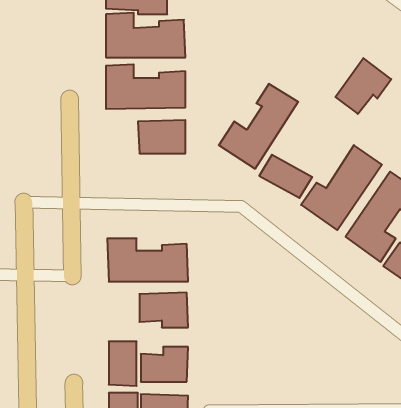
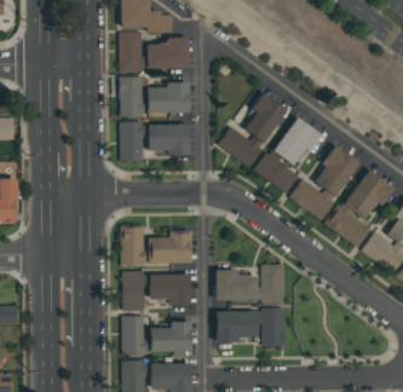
building: [335,58,391,114] -> [272,117,321,166]
building: none -> [120,122,145,162]
building: none -> [215,265,283,301]
building: none -> [122,271,145,311]
building: none -> [215,311,284,346]

